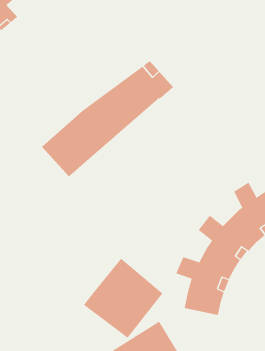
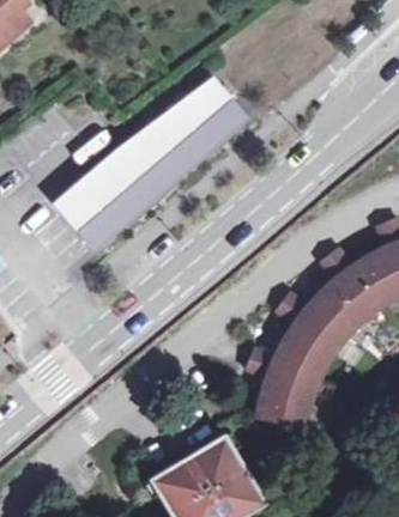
building: [83,258,163,338] -> none

